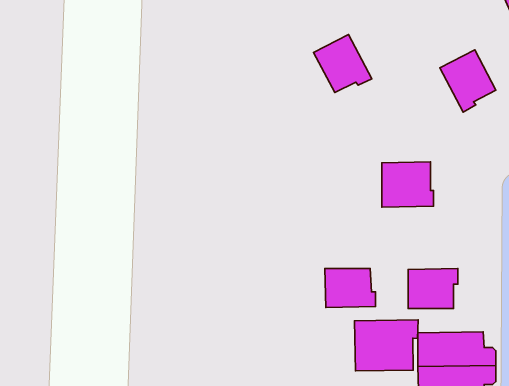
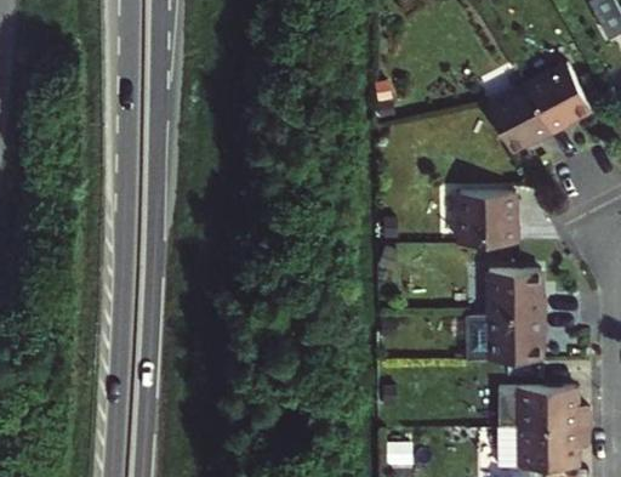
building: [314,35,372,93] -> [485,85,552,152]
building: [325,269,376,308] -> [488,272,546,317]
building: [354,320,418,371] -> none

